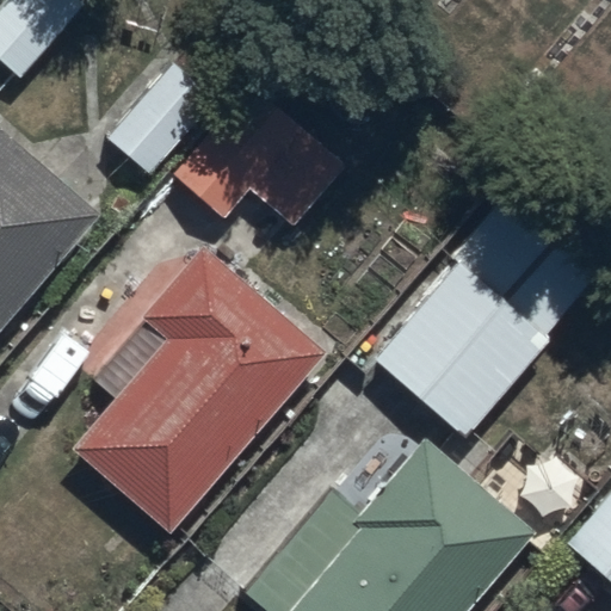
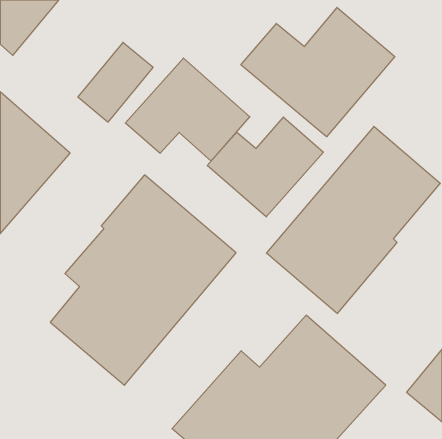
building: none -> [241,7,395,137]
building: none -> [207,117,323,217]

